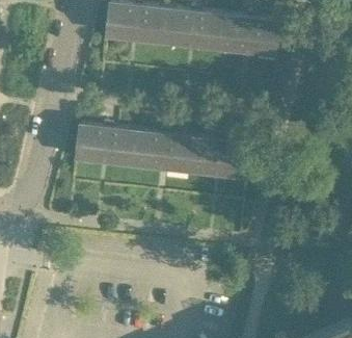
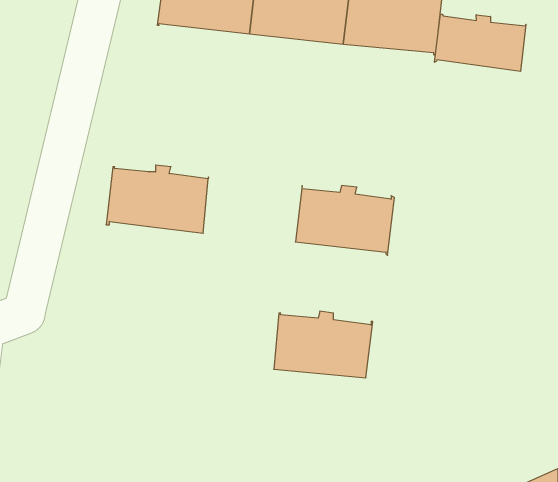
building: none -> [435,14,526,71]
building: [135,133,195,174] -> [274,311,373,378]

